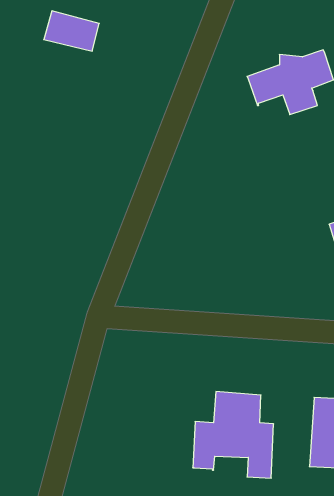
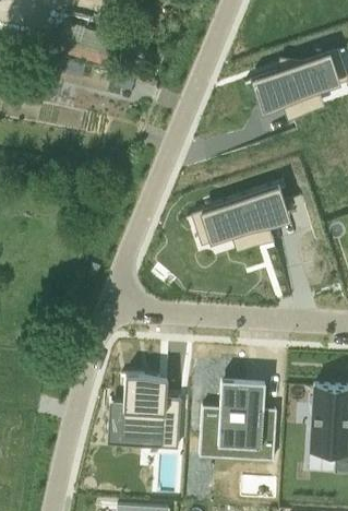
building: none -> [206,186,288,247]
building: none -> [119,369,180,439]

